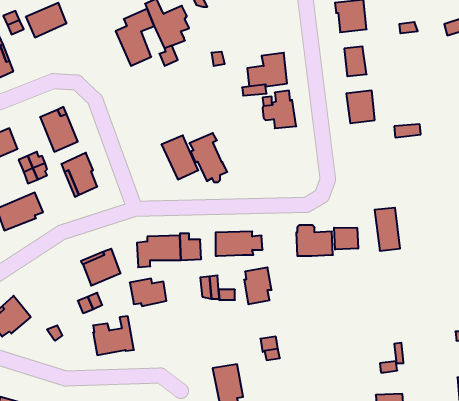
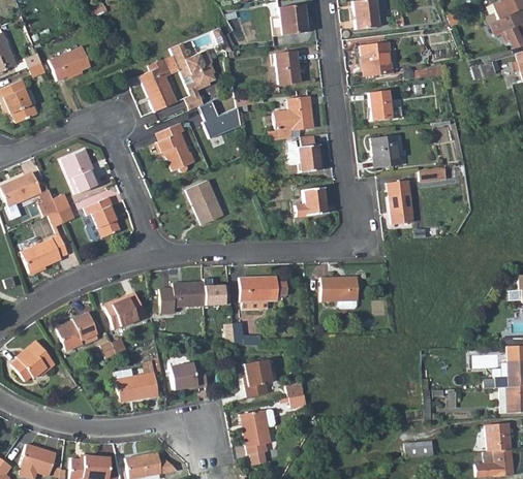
building: none -> [275,51,299,84]
building: none -> [199,103,240,139]
building: [189,133,227,182] -> [156,122,194,171]
building: none -> [298,187,328,216]
building: [375,208,400,251] -> [389,181,414,224]
building: [334,228,358,250] -> none
building: [244,267,272,304] -> [242,360,270,397]
building: none -> [58,314,100,352]
building: [130,279,166,306] -> [168,364,206,392]

